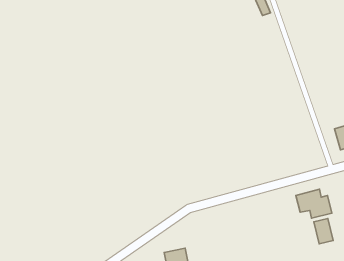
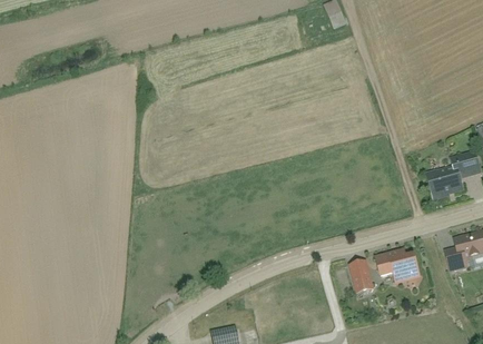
building: [314,218,333,244] -> [349,261,374,293]

